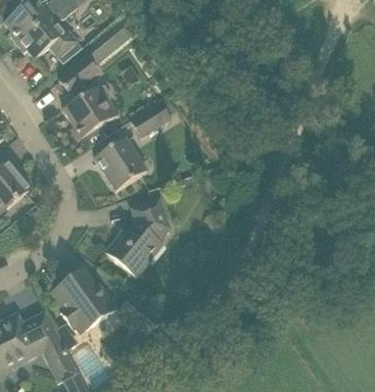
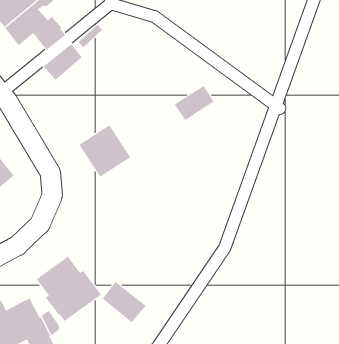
building: [61,83,118,136] -> none
building: [129,100,170,136] -> [174,85,214,121]
building: [104,195,170,276] -> none

